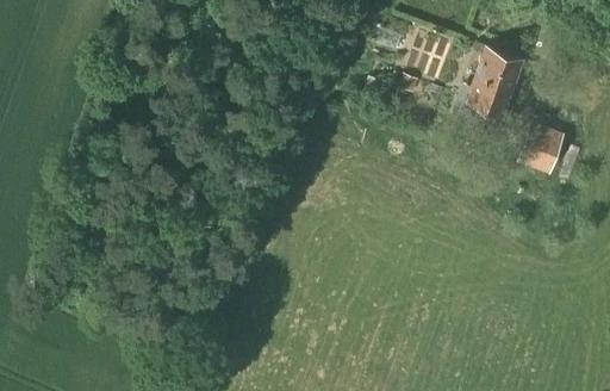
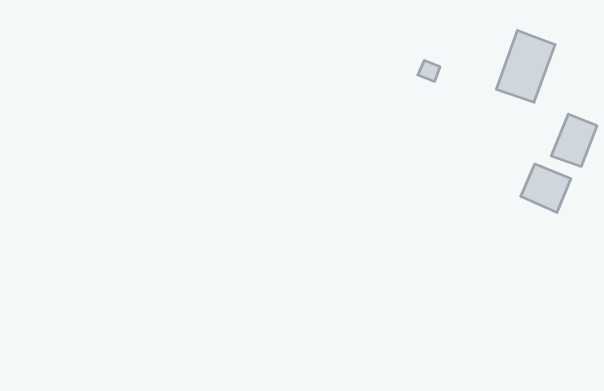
building: none -> [521,164,571,213]

